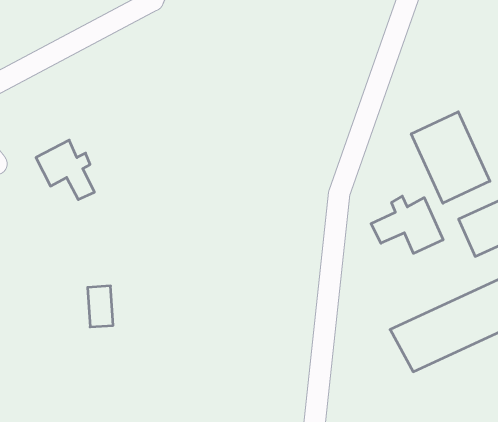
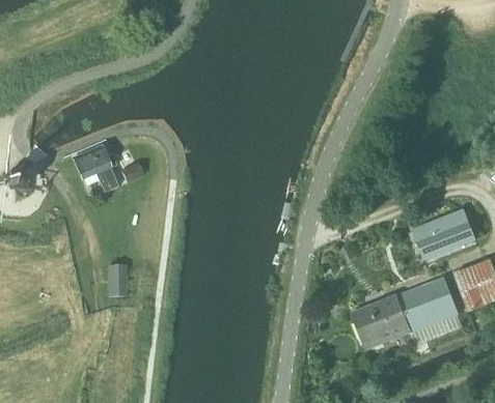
building: [411,112,490,203] -> none
building: [371,196,443,253] -> none

